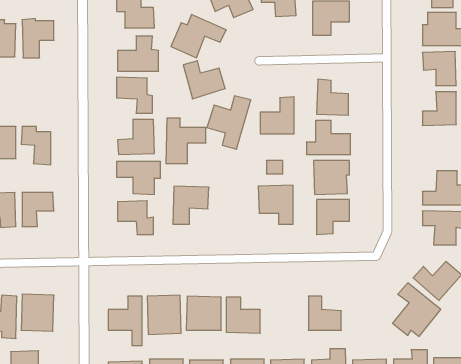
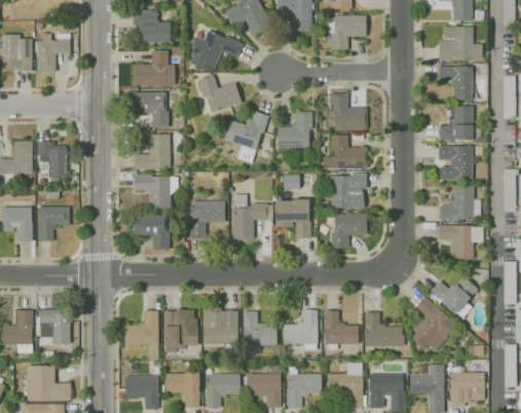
building: [166,118,206,164] -> [232,194,272,239]
building: none -> [438,146,473,180]
building: none -> [284,309,318,349]
building: none -> [365,311,403,346]

